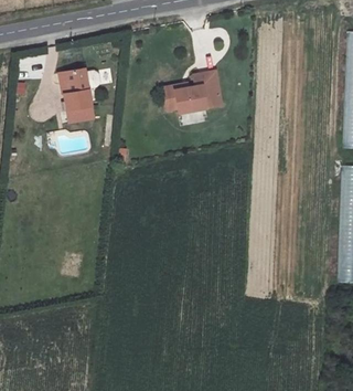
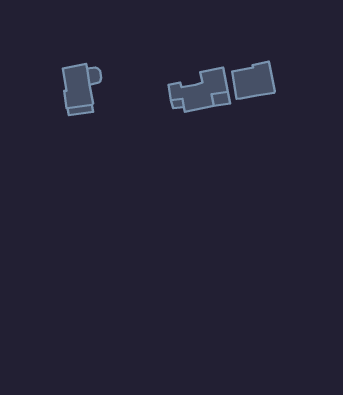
building: none -> [232,62,275,99]

